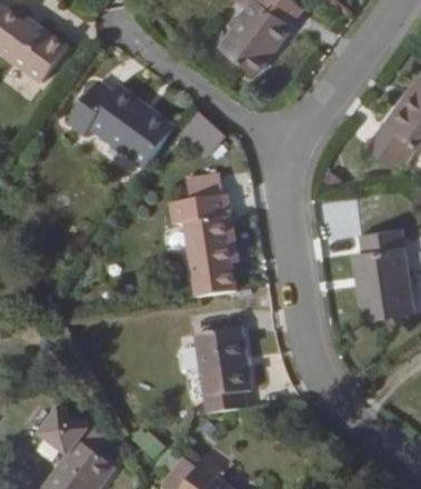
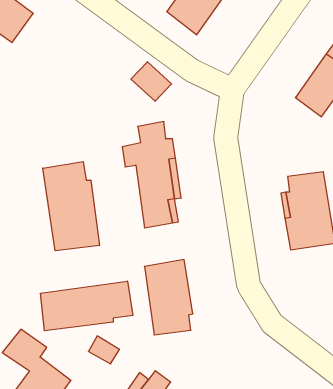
building: [68,81,172,164] -> none
building: none -> [43,162,99,251]
building: none -> [41,281,133,331]

